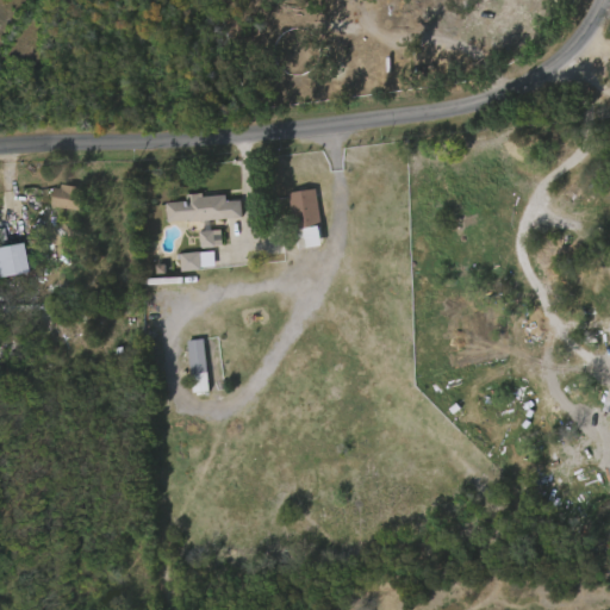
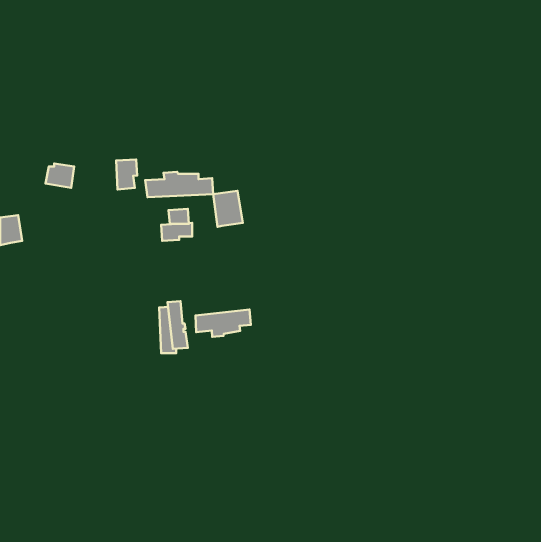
building: none -> [116,160,137,190]
building: [290,188,323,229] -> [213,191,243,227]
building: none -> [195,310,251,337]

